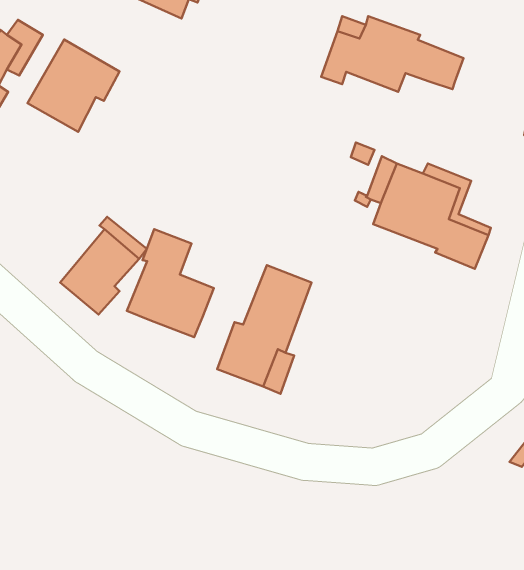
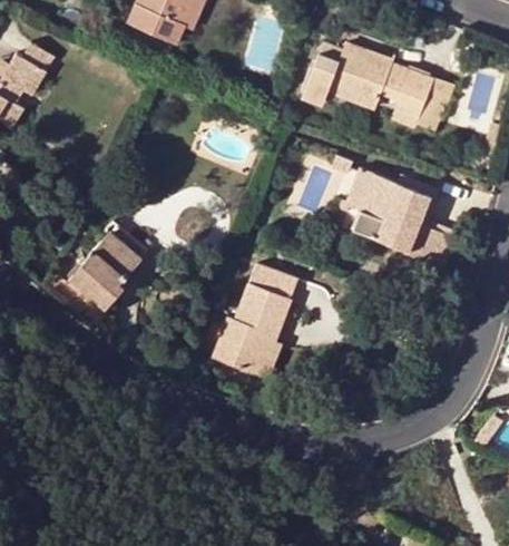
building: [27,40,119,132] -> none
building: none -> [394,79,449,131]
building: [127,229,214,337] -> none

